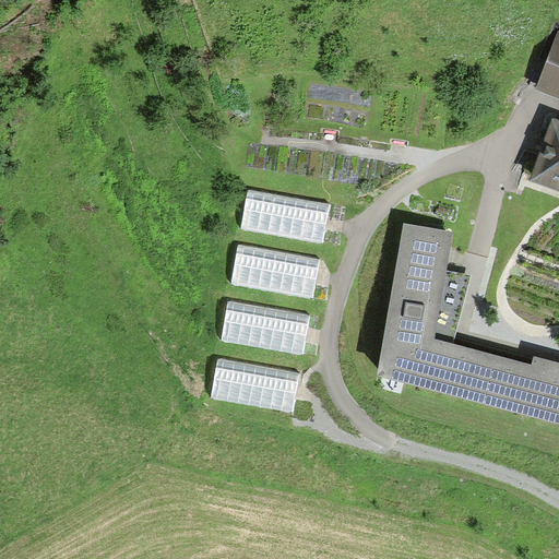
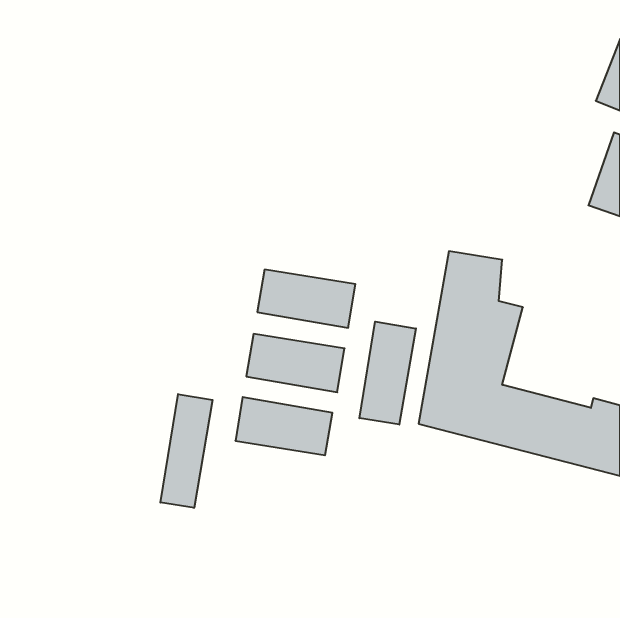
building: [241,189,329,241] -> none
building: none -> [359,322,416,425]
building: none -> [160,394,213,508]

